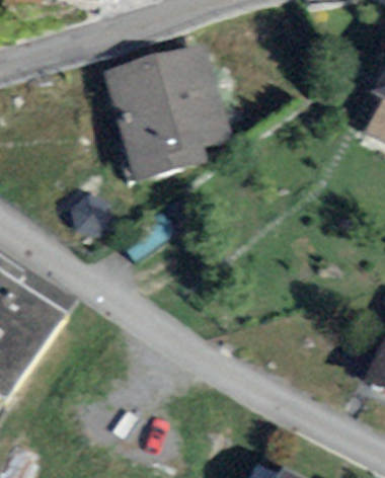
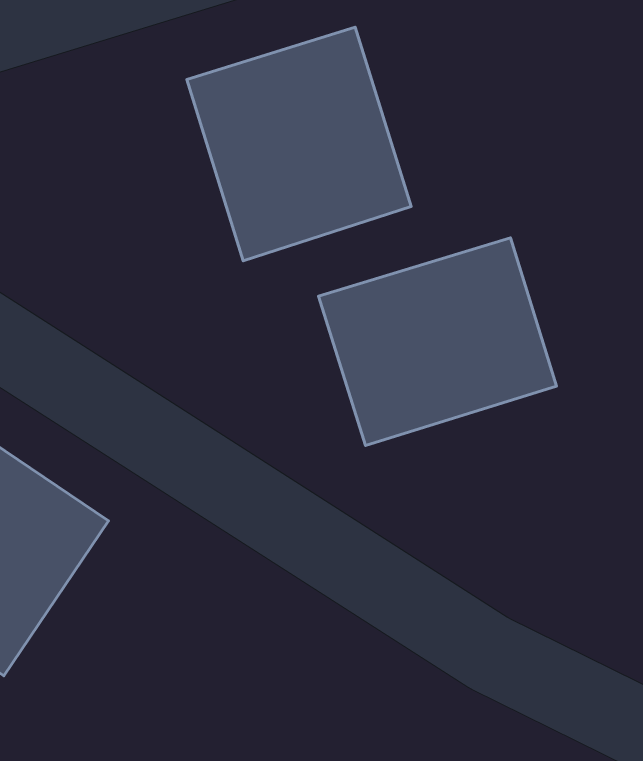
building: none -> [318,238,556,446]

